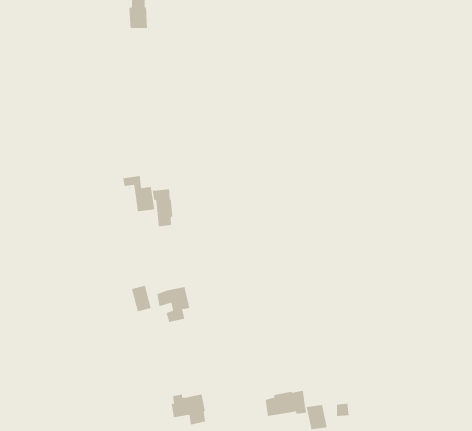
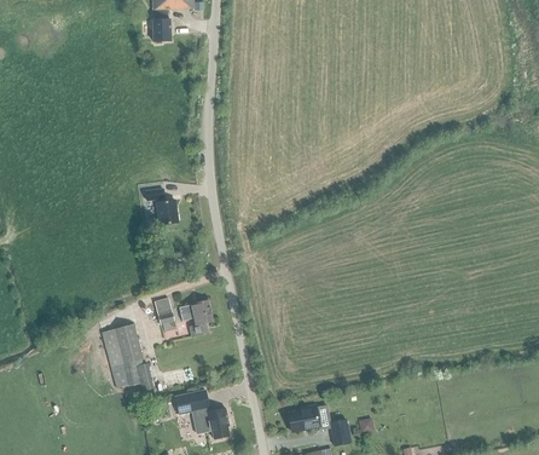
building: [152,188,173,227] -> none
building: none -> [102,323,152,391]
building: none -> [174,388,209,413]

